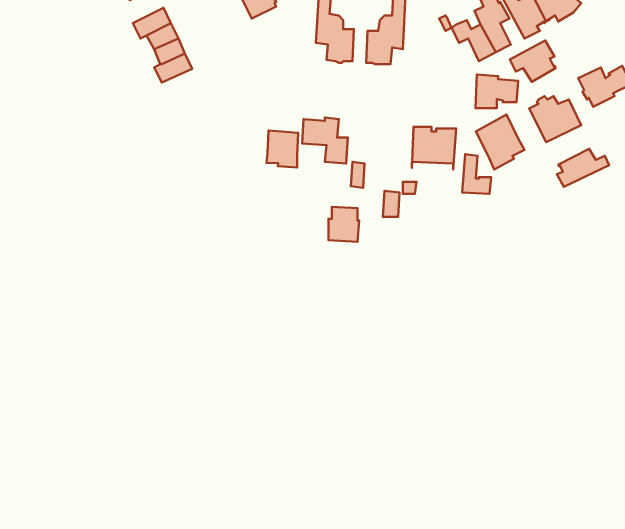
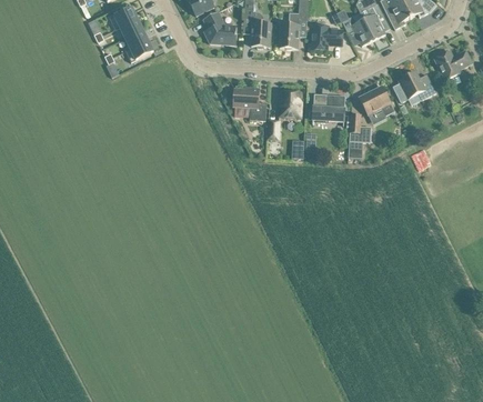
building: none -> [202,11,235,44]
building: [510,40,555,82] -> none
building: [475,75,518,108] -> [311,24,342,49]
building: [266,130,298,168] -> none
building: [557,149,609,187] -> none
building: [329,207,359,242] -> [279,91,301,117]

